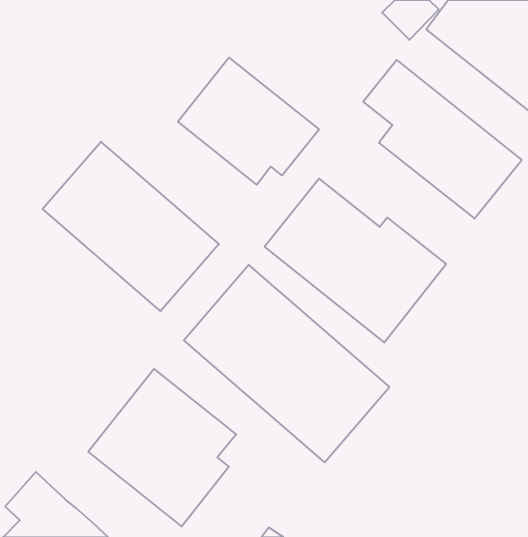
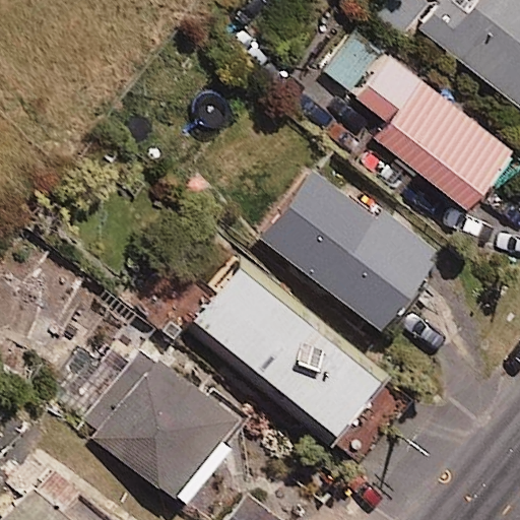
building: [178,58,319,185] -> none
building: [43,142,219,311] -> none

